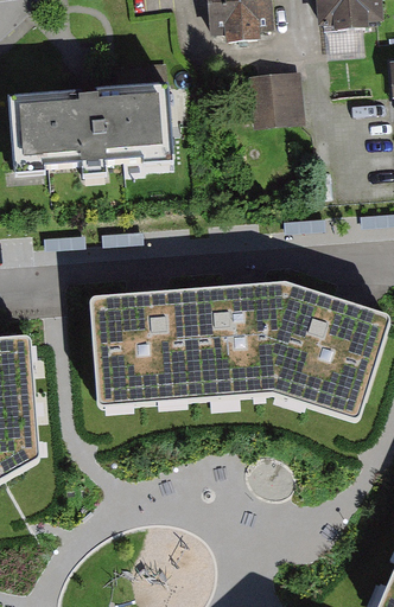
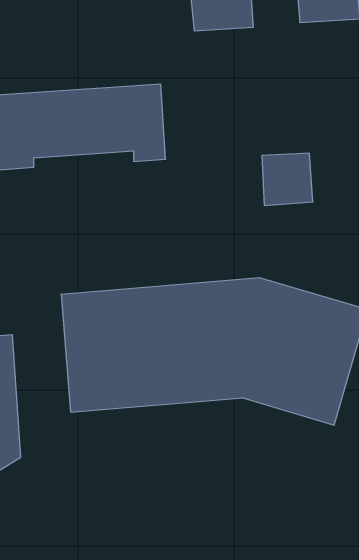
building: [248,71,299,123] -> [262,153,313,205]

